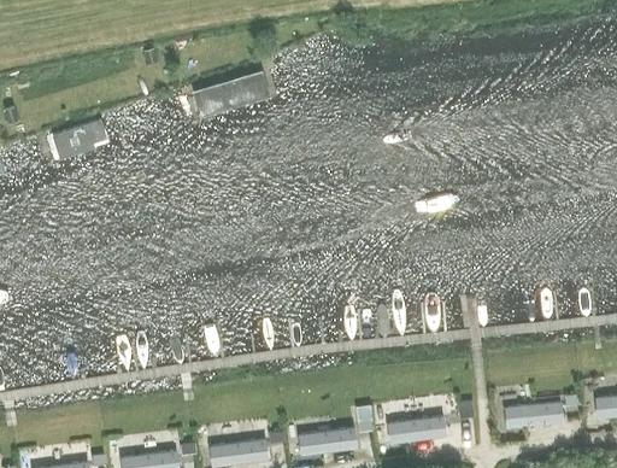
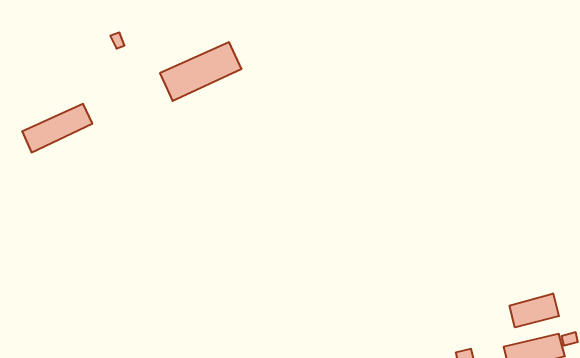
building: none -> [510,293,559,327]

